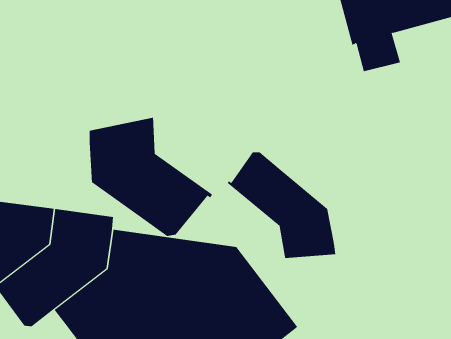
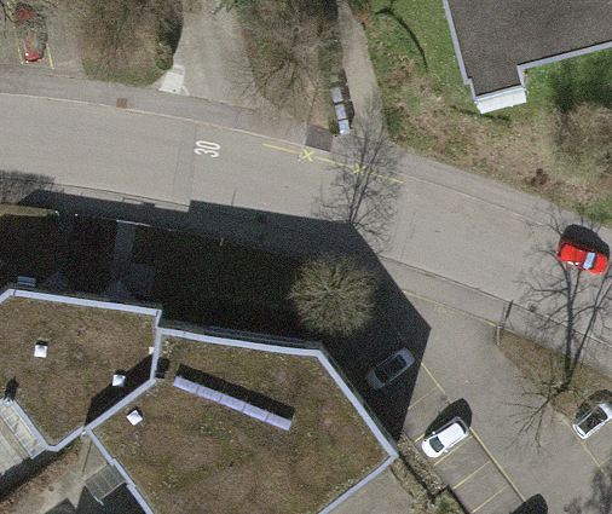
building: [89,117,213,237] -> none
building: [227,151,336,259] -> none

